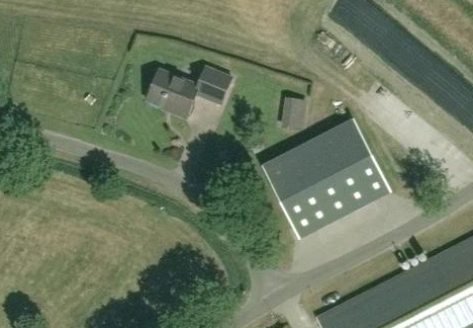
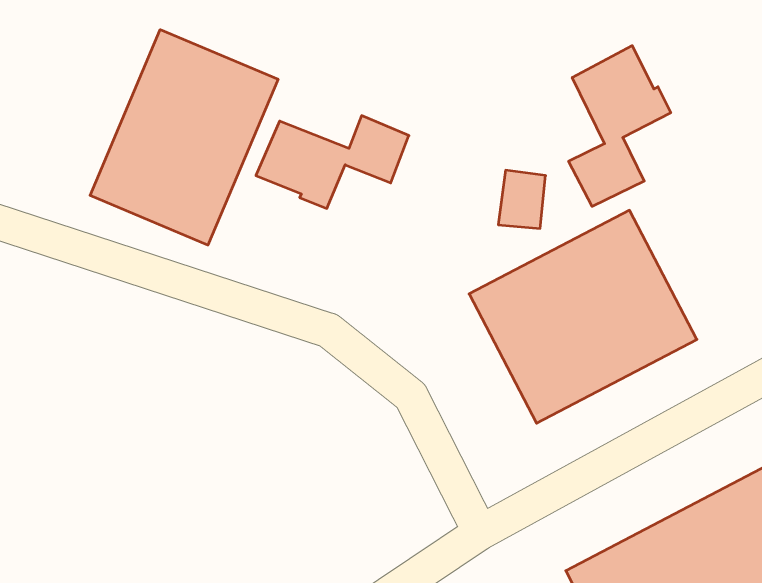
building: none -> [90,30,278,245]
building: none -> [569,46,671,206]

